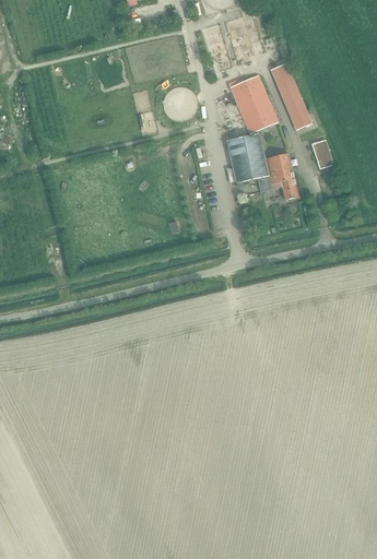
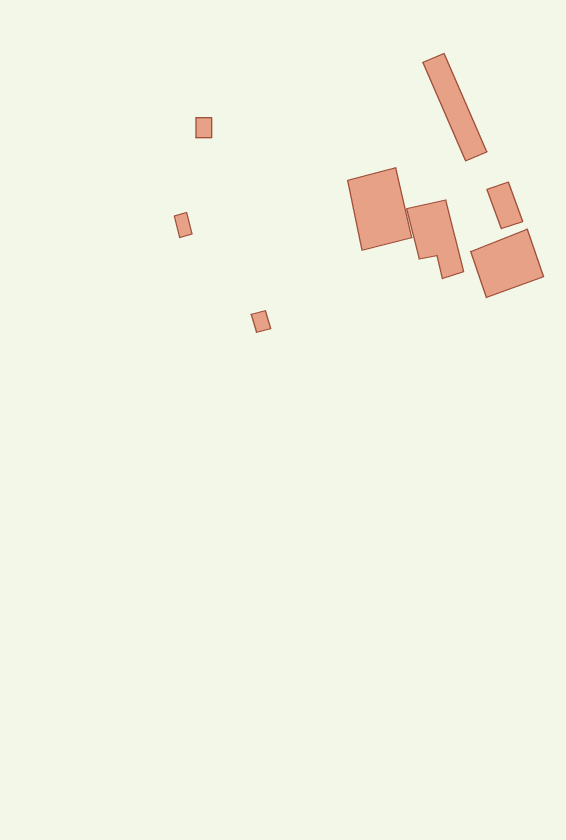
building: [231,76,276,133] -> none
building: none -> [471,229,544,298]

